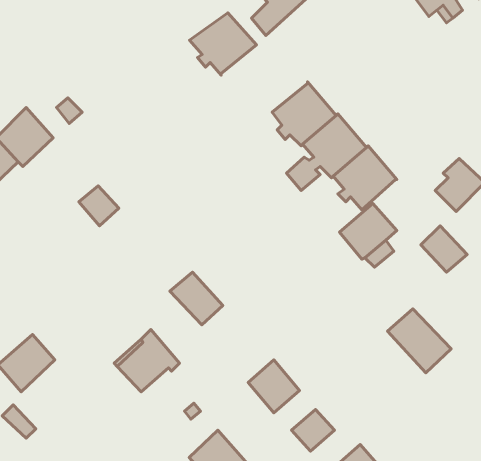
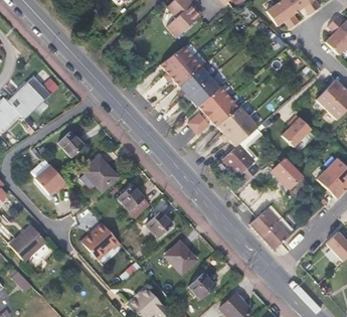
building: [189,13,256,75] -> [160,47,202,87]
building: none -> [84,157,119,195]
building: none -> [36,164,68,194]
building: none -> [143,214,170,242]

